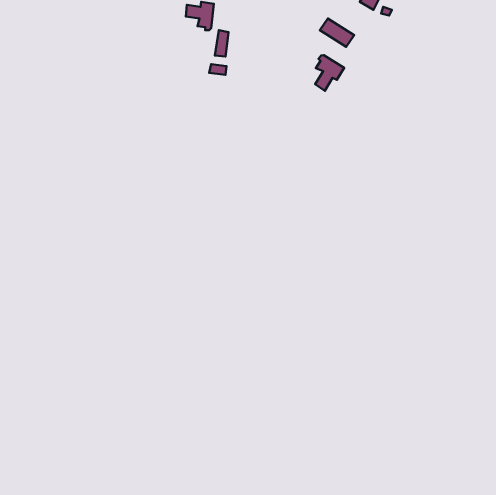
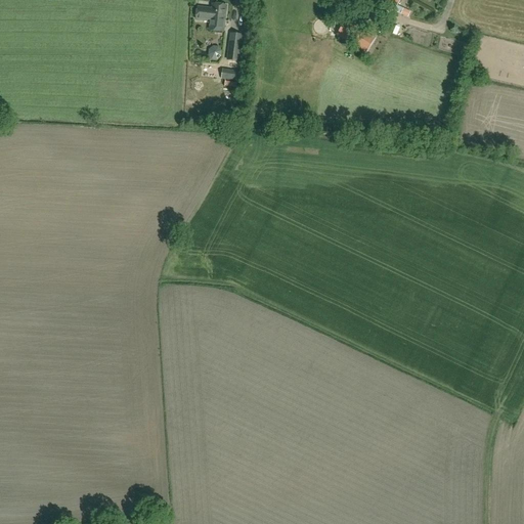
building: [315,55,344,91] -> none

